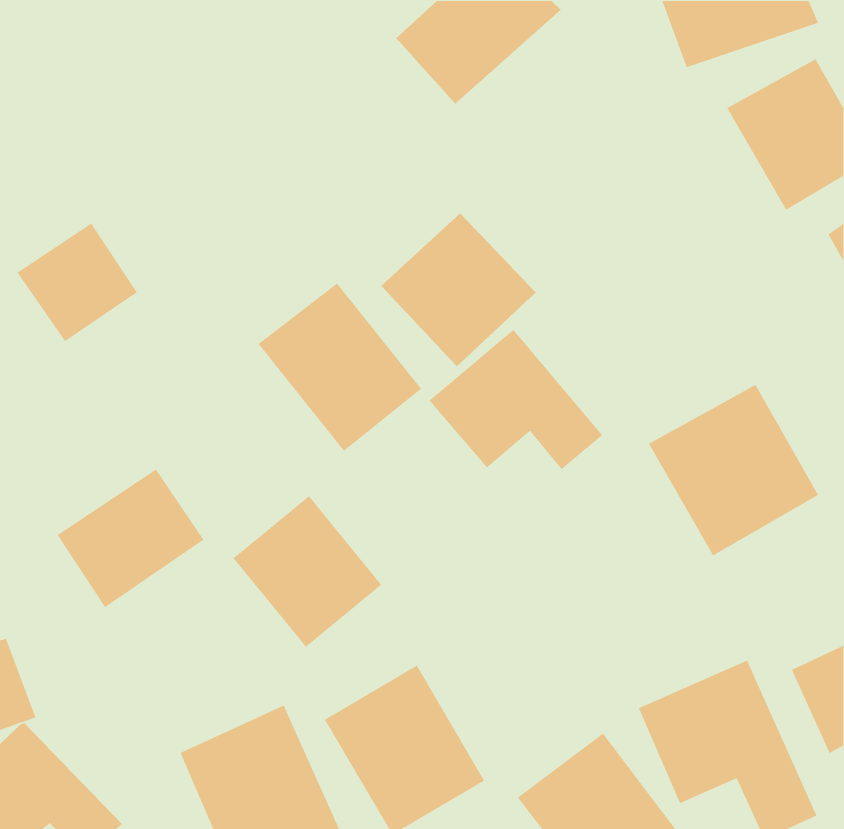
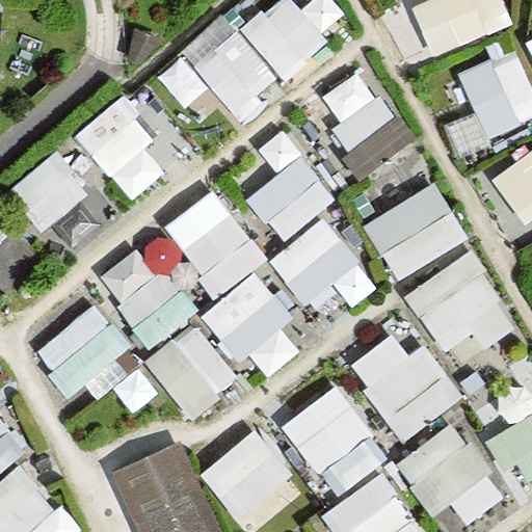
building: none -> [160,20,278,117]
building: none -> [316,69,413,172]
building: none -> [75,99,172,202]
building: none -> [363,181,467,281]
building: none -> [99,245,191,348]
building: none -> [204,274,307,381]
building: none -> [347,326,457,443]
building: none -> [281,383,388,497]

